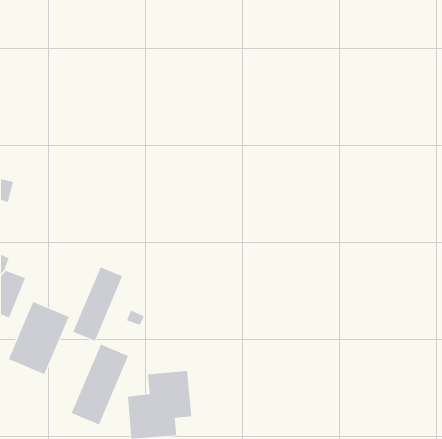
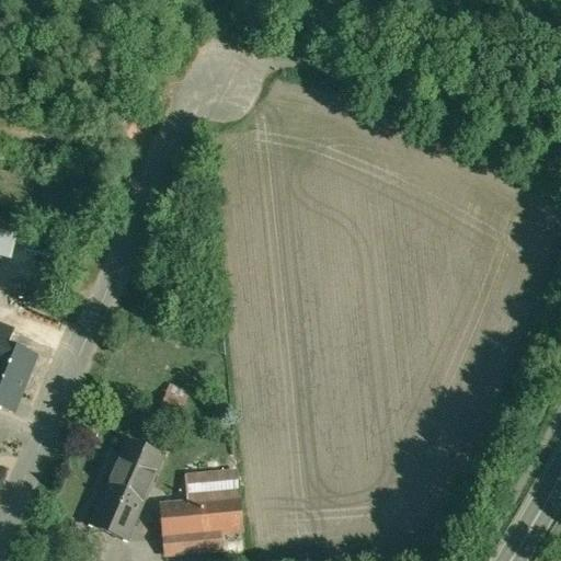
building: [73,266,123,342] -> none
building: [8,301,69,375] -> none

